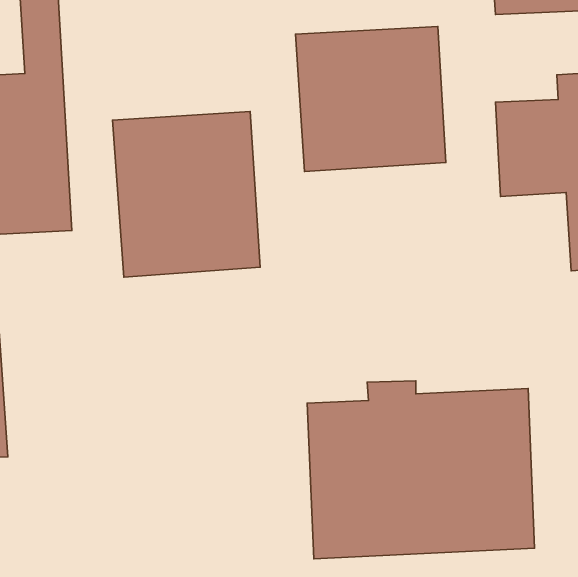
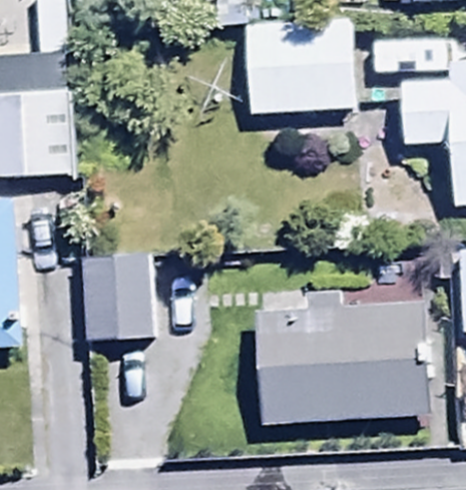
building: [112,112,260,277] -> none
building: none -> [80,248,157,347]

